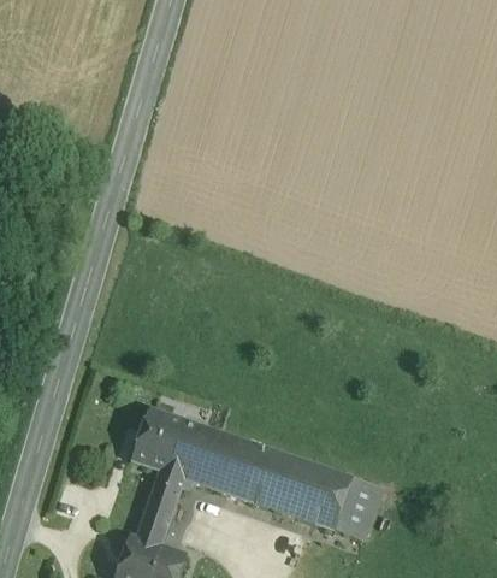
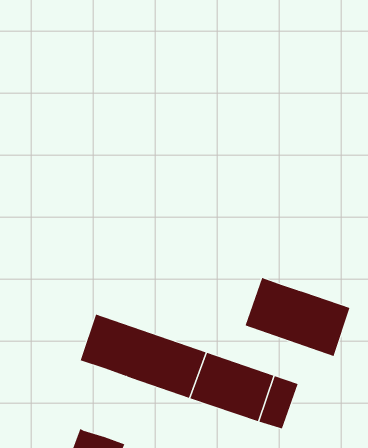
building: none -> [245,277,350,357]
building: [137,471,185,548] -> none

